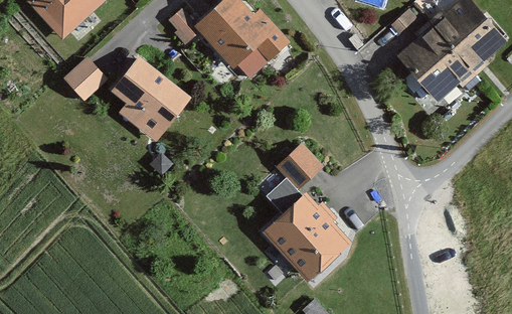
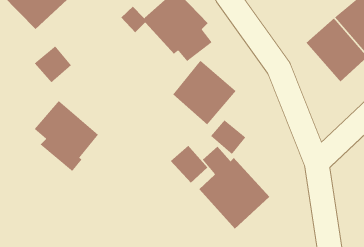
building: [110,57,189,145] -> [34,100,99,172]
building: none -> [172,60,237,125]
building: none -> [170,145,208,184]

